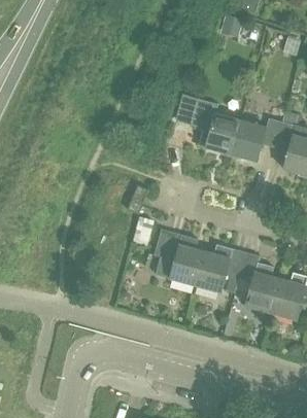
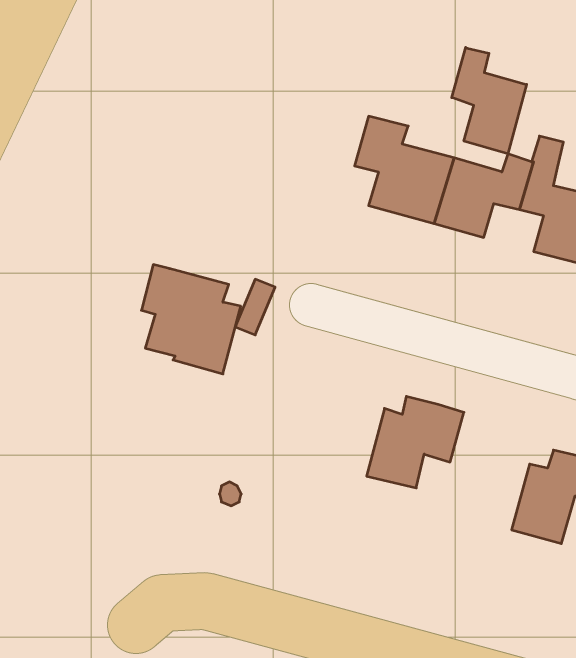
building: none -> [452,47,527,154]
building: [154,229,205,285] -> [141,265,241,374]
building: [239,252,280,313] -> none

